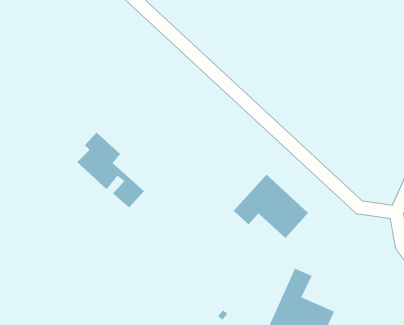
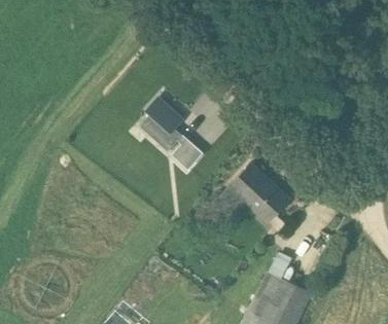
building: [76,132,145,208] -> [140,99,203,169]

